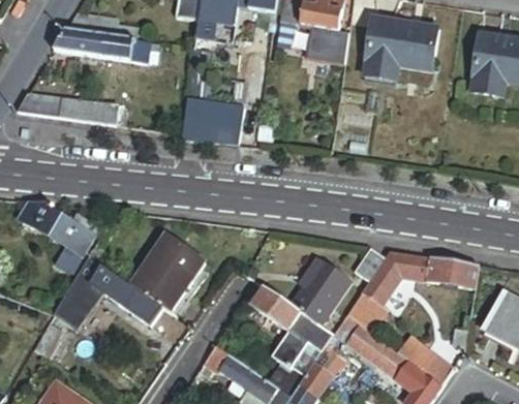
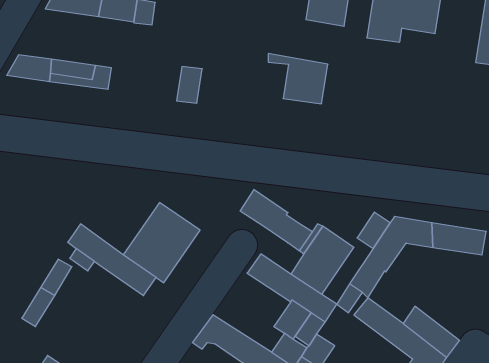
building: [185,96,243,145] -> [268,54,328,104]
building: [20,200,97,271] -> none
building: none -> [240,189,312,251]

